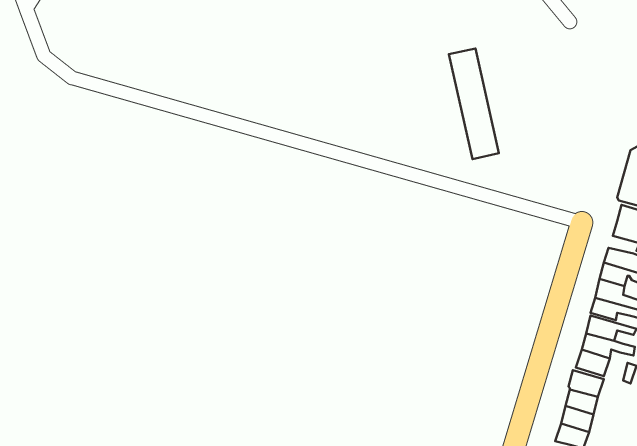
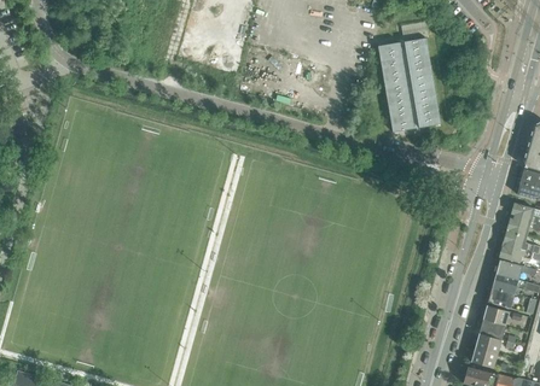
building: none -> [407,35,448,125]

